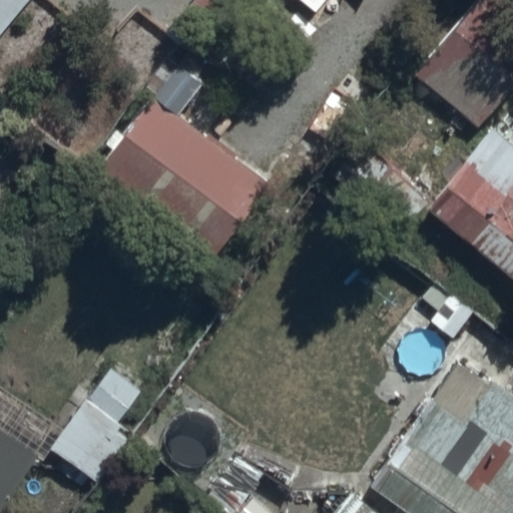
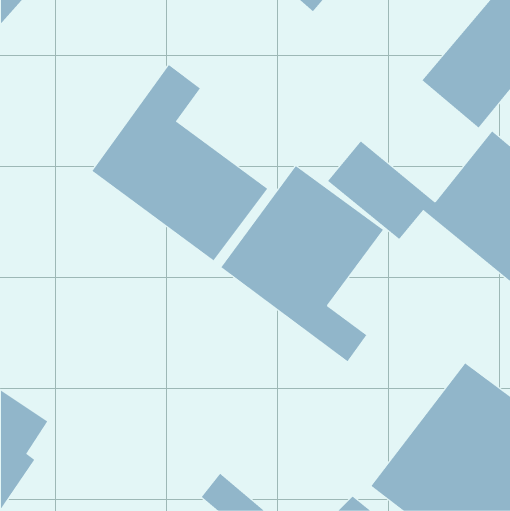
building: none -> [221,165,384,362]
building: [49,366,141,484] -> none

